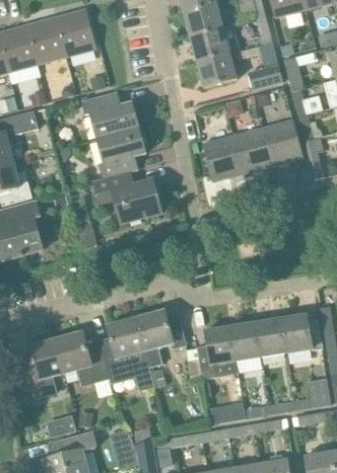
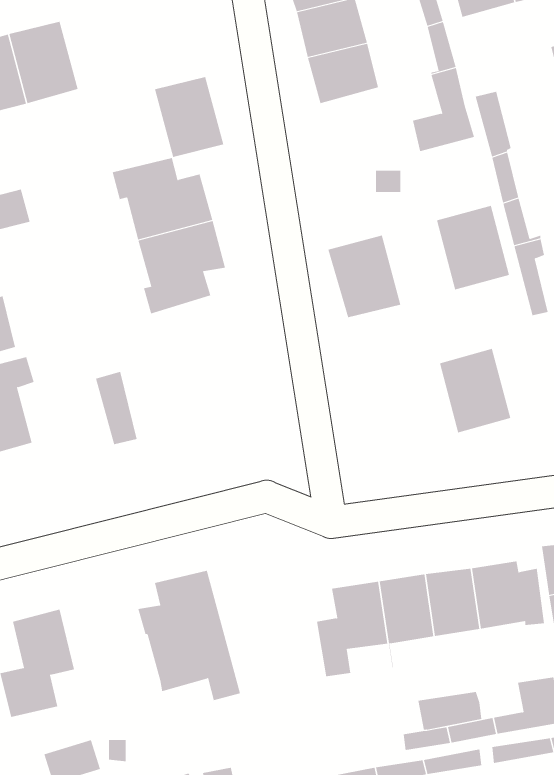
building: [55,10,93,55] -> [154,76,224,157]
building: [198,54,237,87] -> none
building: [232,127,272,173] -> [439,348,511,433]
building: [94,168,161,223] -> none
building: [136,312,187,387] -> none
building: [55,333,110,387] -> none
building: [209,403,245,424] -> [418,691,482,730]

